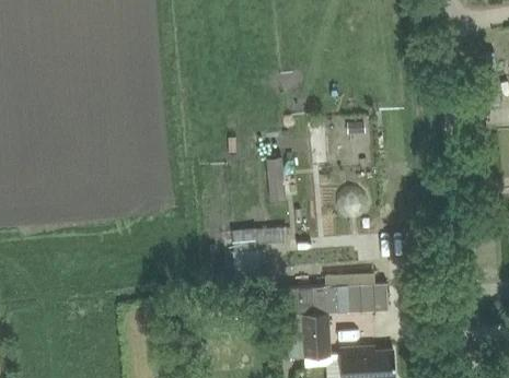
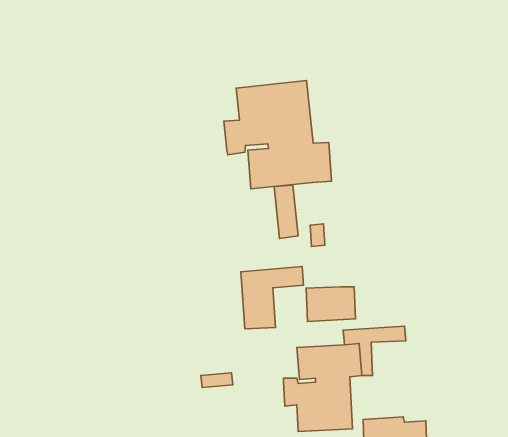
building: none -> [224,80,332,189]
building: [347,285,387,314] -> [306,287,355,321]

